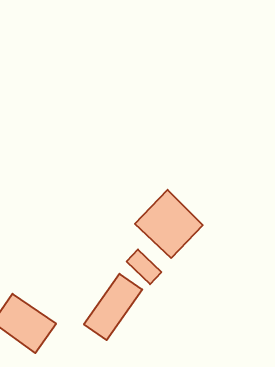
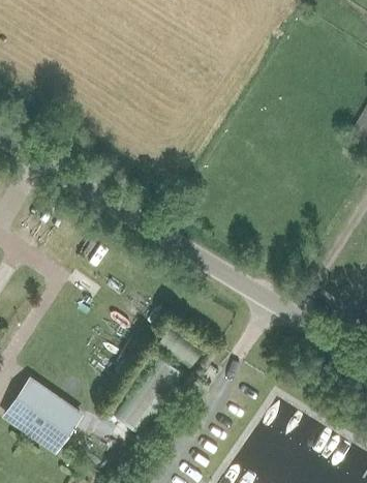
building: [135,190,203,258] -> none

